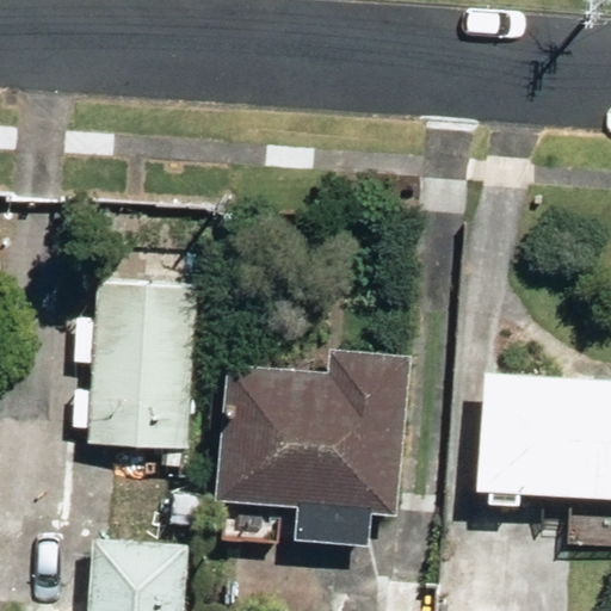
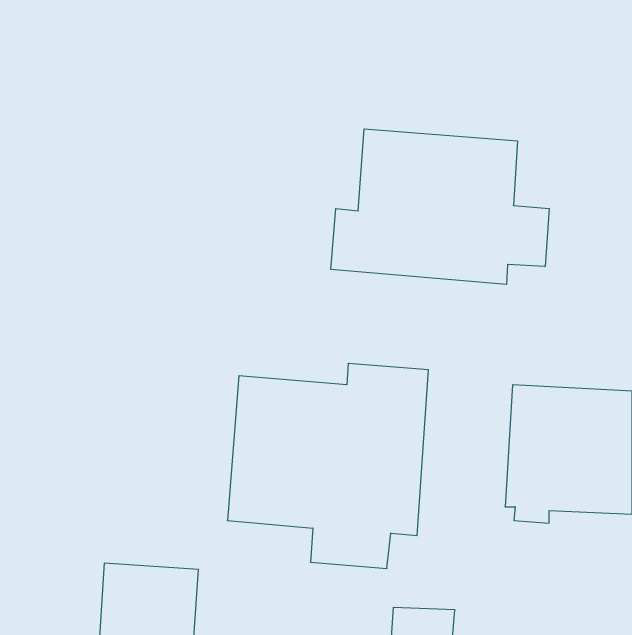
building: none -> [331,129,549,284]
building: [88,284,196,451] -> none

